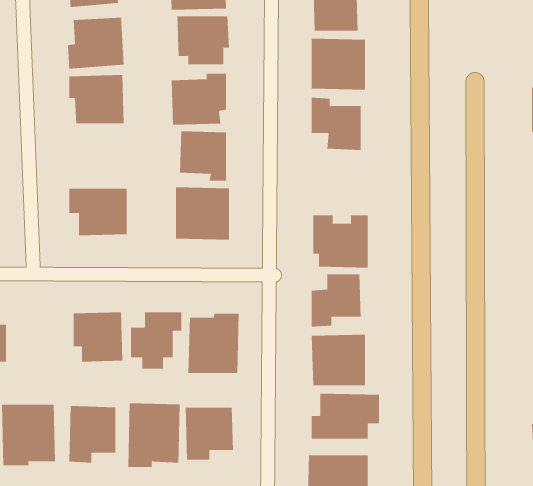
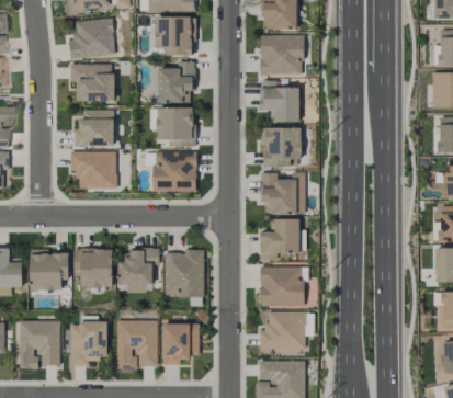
building: none -> [73,109,114,146]
building: none -> [262,127,302,167]
building: none -> [30,248,69,289]

